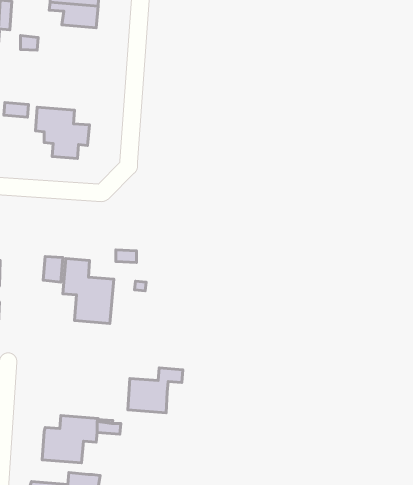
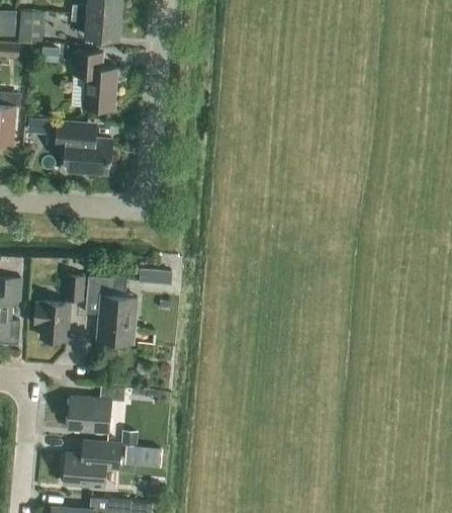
building: none -> [71,52,117,109]
building: none -> [34,302,70,340]
building: [128,368,183,413] -> [69,387,125,433]

